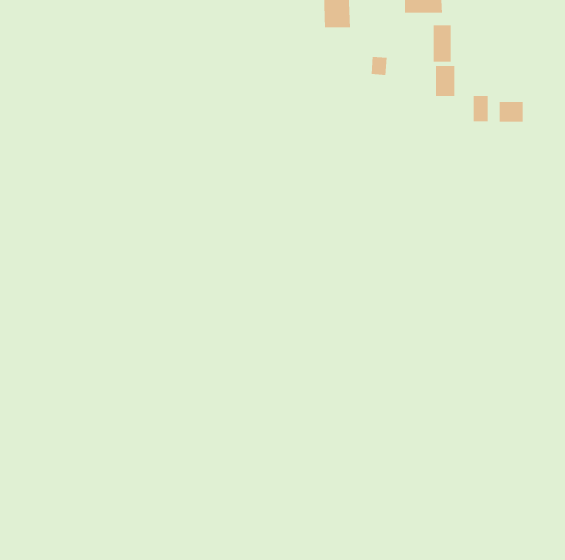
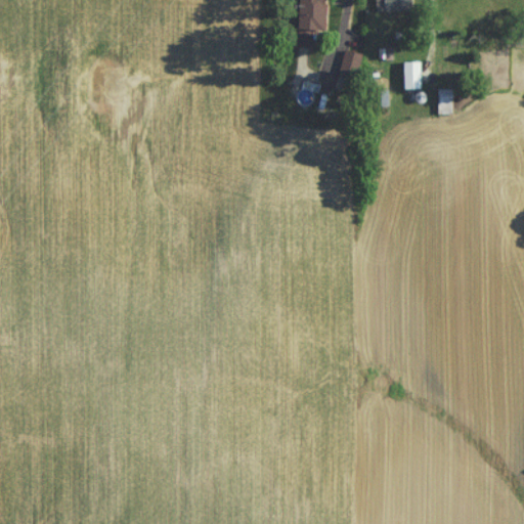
building: [433,24,451,62] -> none
building: [499,101,523,123] -> none

